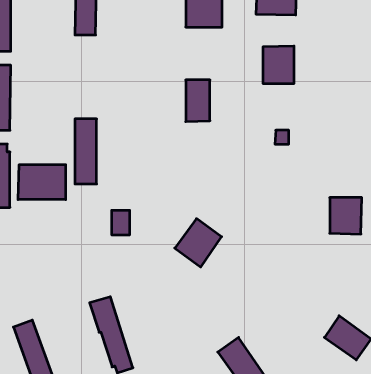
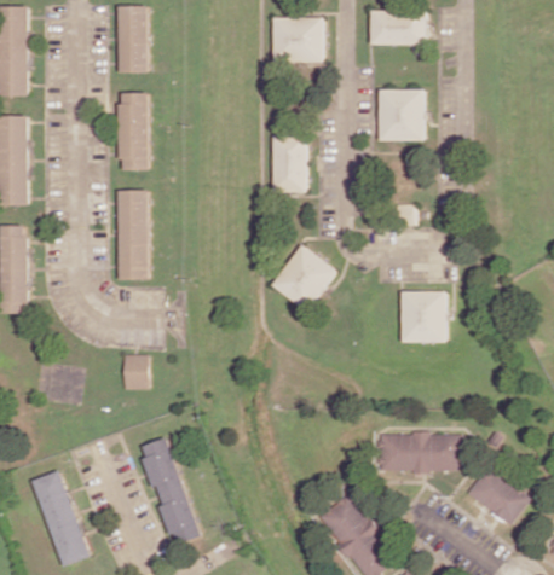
building: none -> [119,92,149,170]
building: [18,165,66,200] -> none
building: [330,198,362,234] -> [402,291,446,342]
building: [112,210,130,235] -> [122,355,148,389]
building: [175,219,222,267] -> [271,244,336,312]
building: none -> [379,434,461,472]

